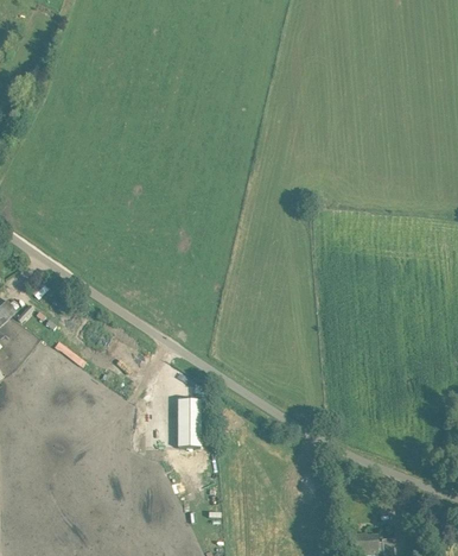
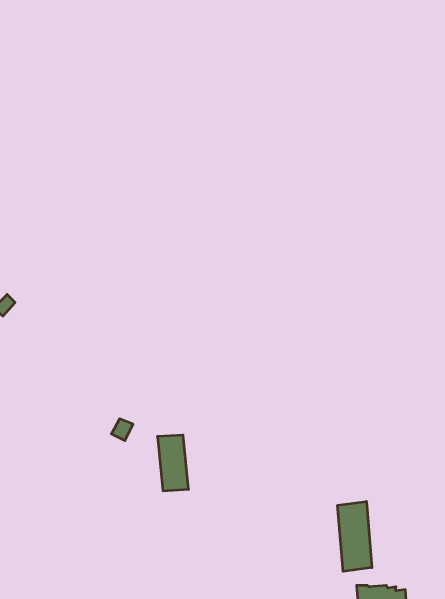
building: none -> [338,501,372,571]

